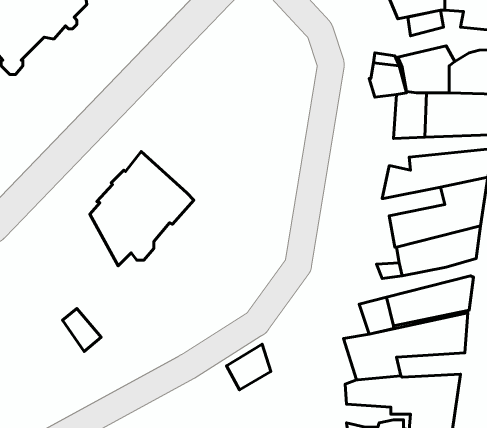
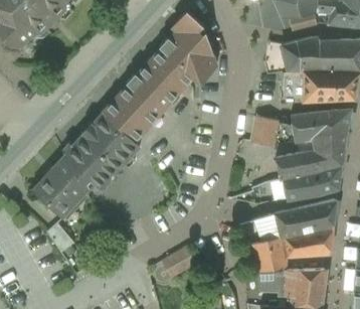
building: none -> [102,10,217,141]
building: none -> [250,116,279,147]
building: none -> [31,154,86,218]

